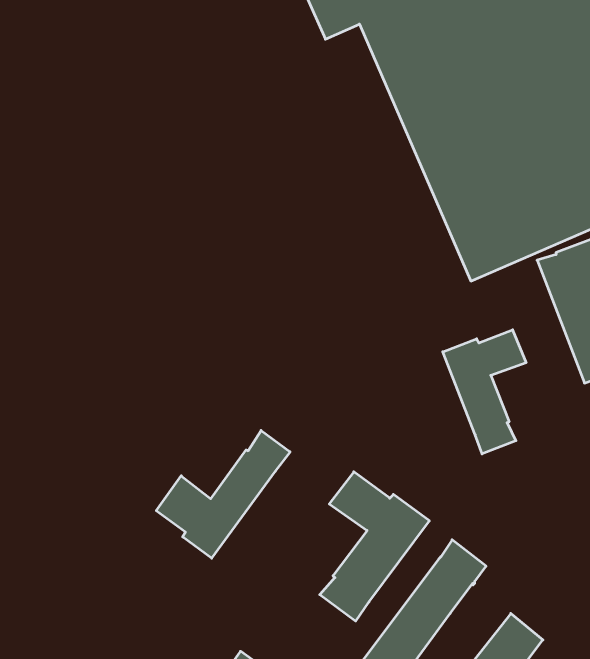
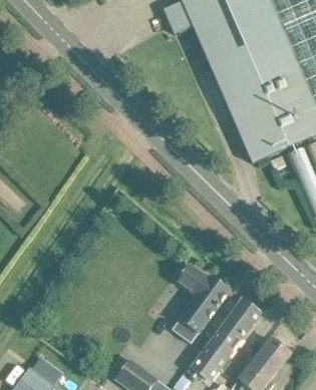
building: [443,330,526,454] -> none
building: [156,430,290,558] -> none

